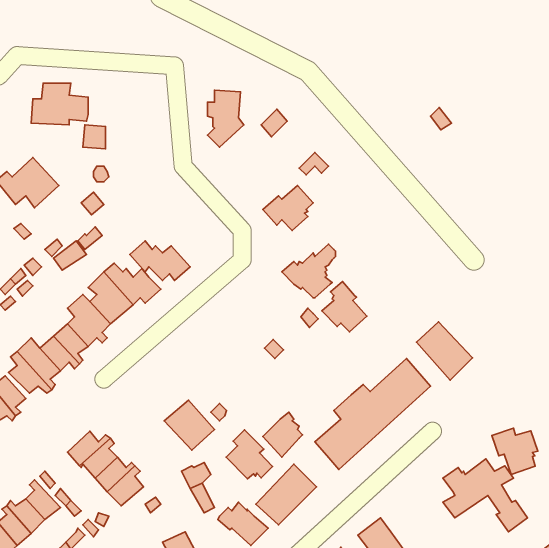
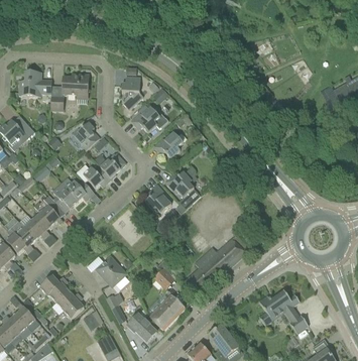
building: none -> [63,74,88,98]
building: none -> [130,106,167,132]
building: none -> [72,122,99,150]
building: none -> [95,152,125,178]
building: [322,281,367,332] -> [144,184,170,213]
building: [416,322,472,380] -> none
building: [492,428,538,475] -> none
building: [226,430,272,479] -> none

